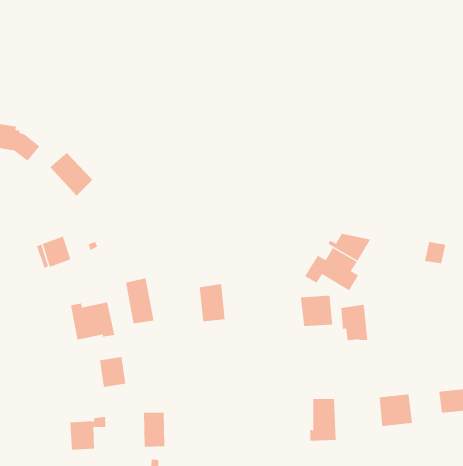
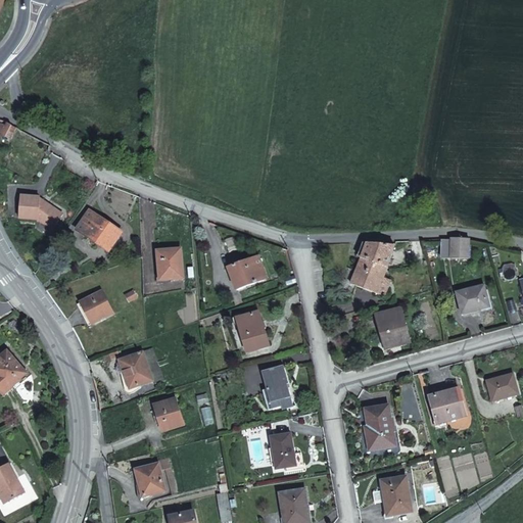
building: none -> [155,249,181,280]
building: none -> [229,256,265,287]
building: [125,277,154,324] -> none
building: none -> [455,284,487,312]
building: [300,295,333,327] -> none
building: none -> [262,366,293,410]
building: [143,412,165,447] -> [269,432,295,469]

